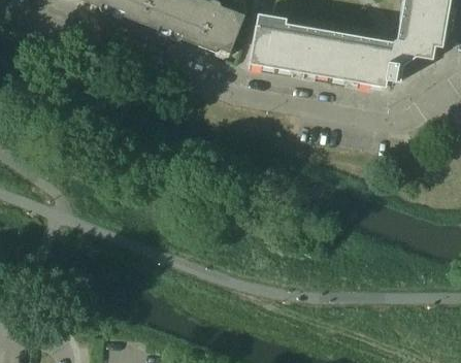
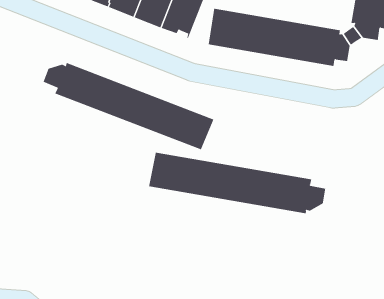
building: none -> [43,62,214,150]
building: none -> [149,152,326,214]

